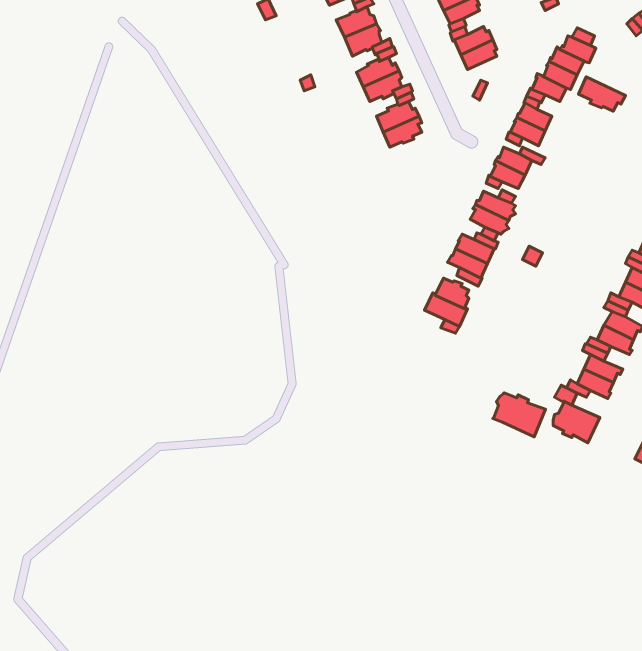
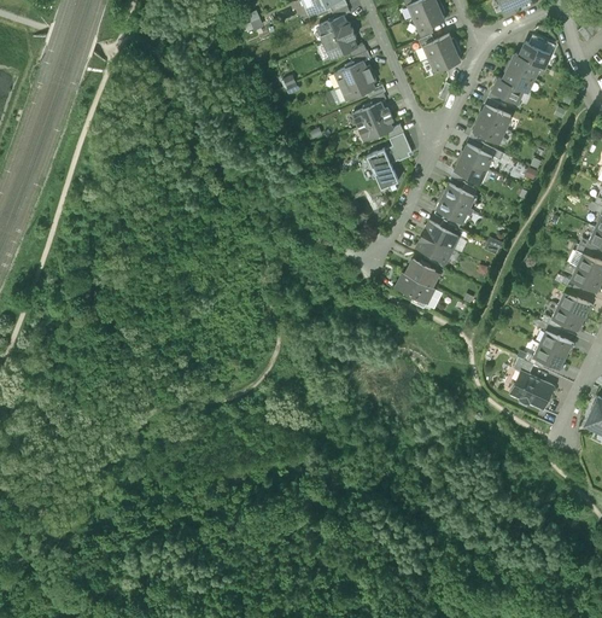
building: [578,77,625,111] -> none
building: none -> [367,133,411,190]
building: [493,393,546,437] -> none

